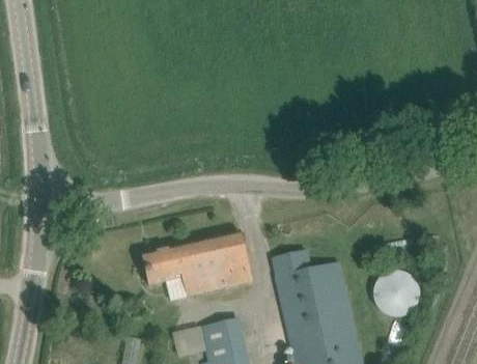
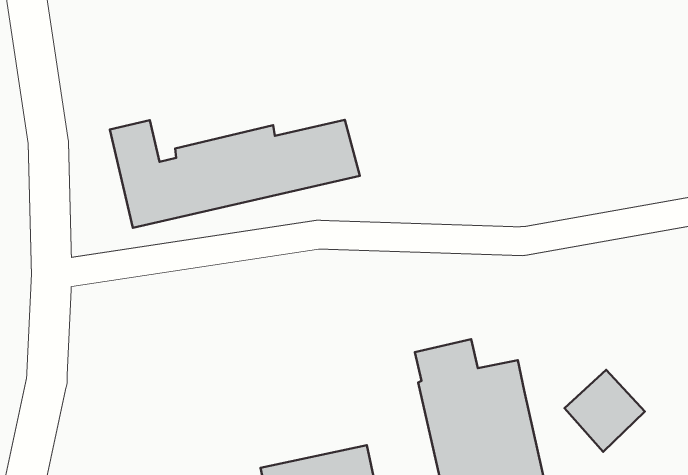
building: none -> [110,120,360,228]
building: [141,231,251,300] -> none

